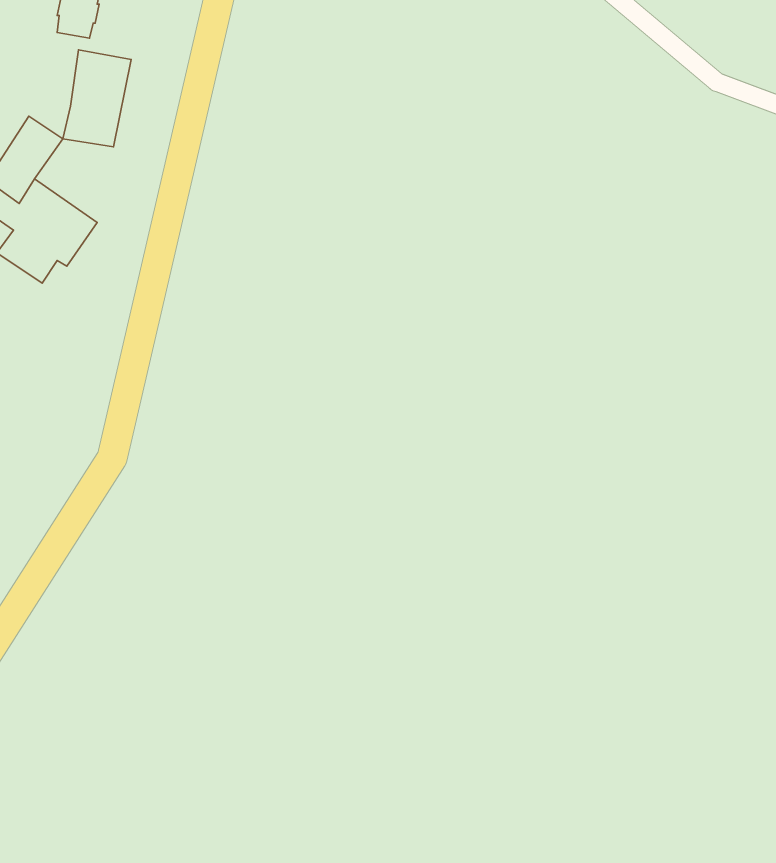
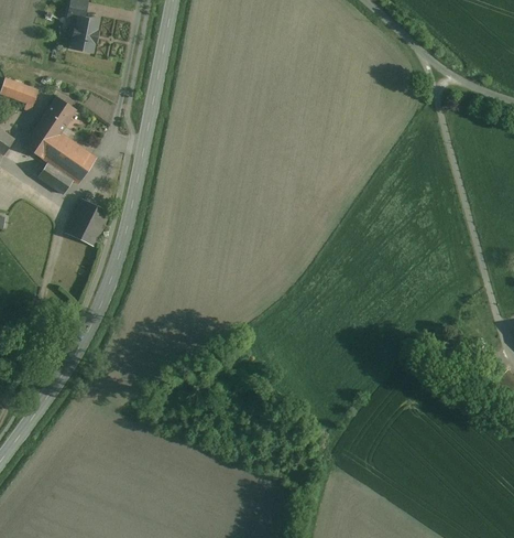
building: [63,50,131,147] -> none
building: none -> [66,198,110,246]

